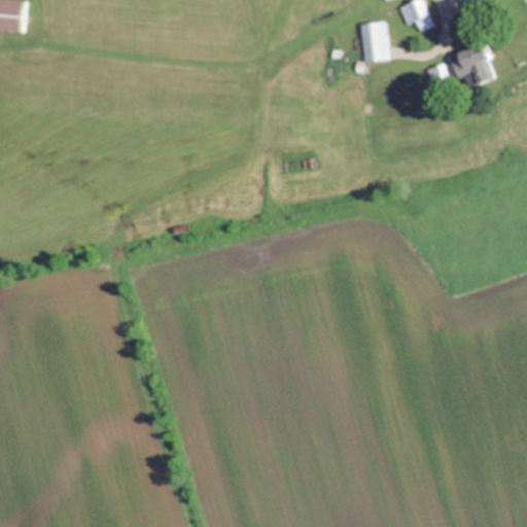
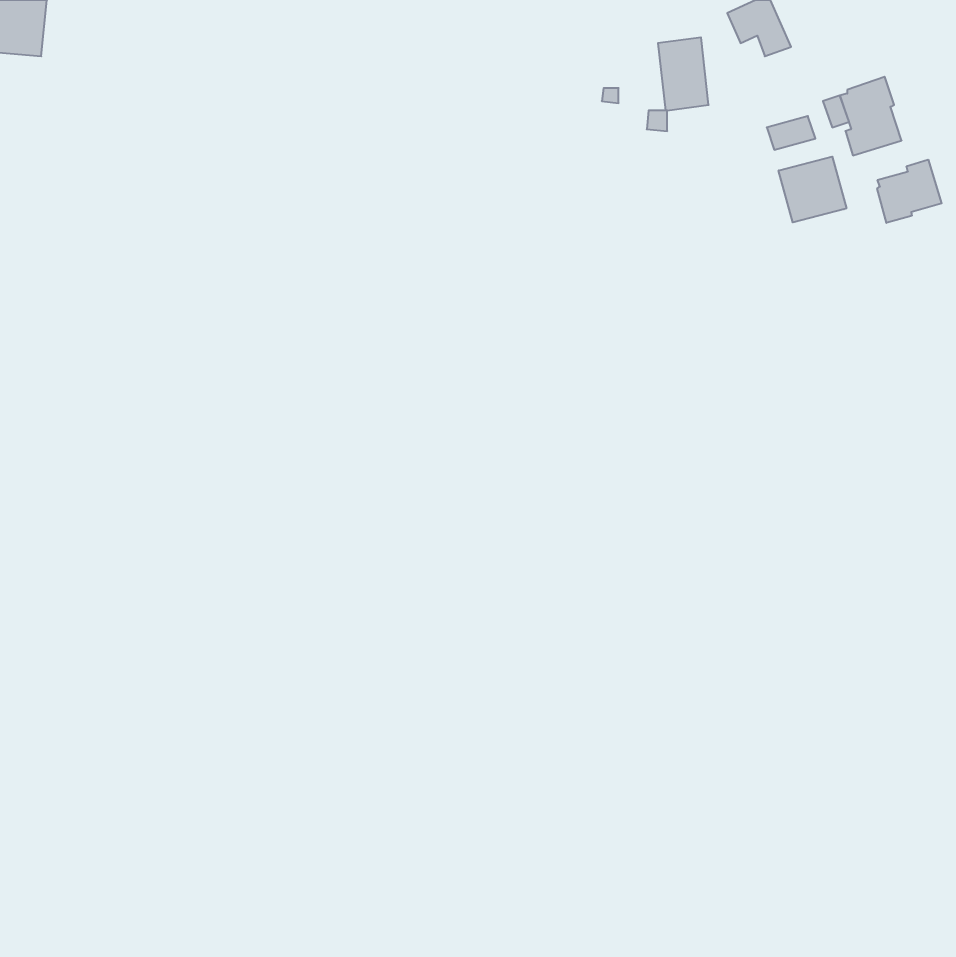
building: none -> [779,157,846,222]
building: none -> [877,160,942,223]

